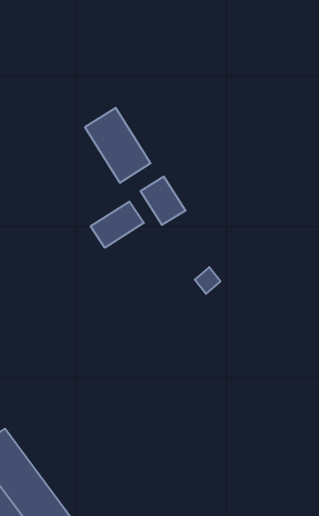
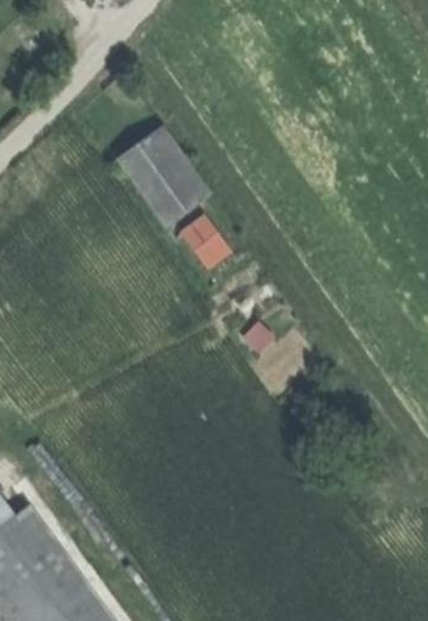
building: [91,201,144,248] -> none

